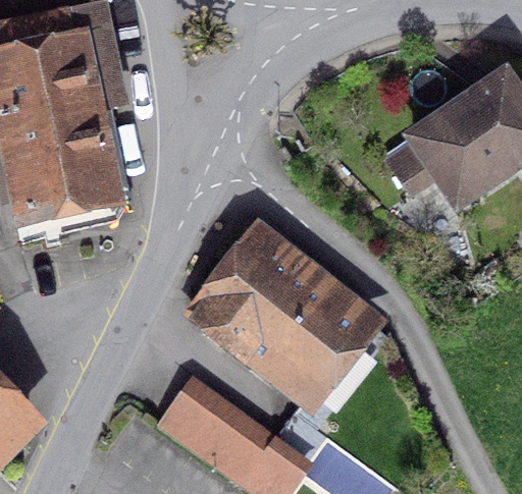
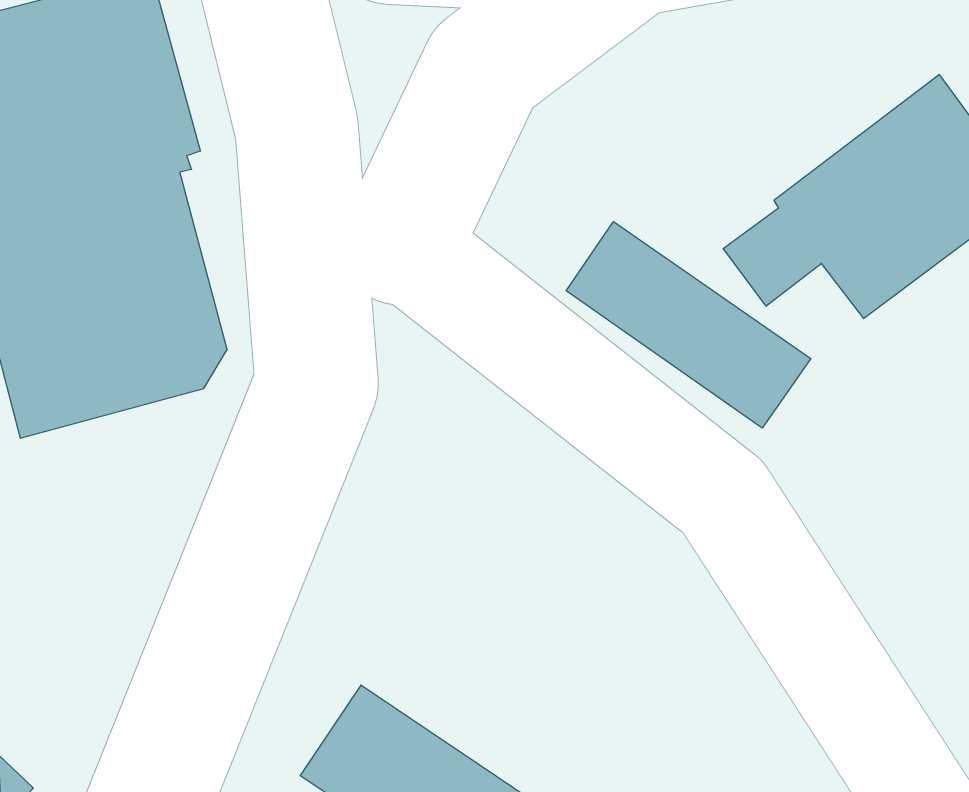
building: none -> [566,222,811,428]
building: [199,233,368,394] -> none

